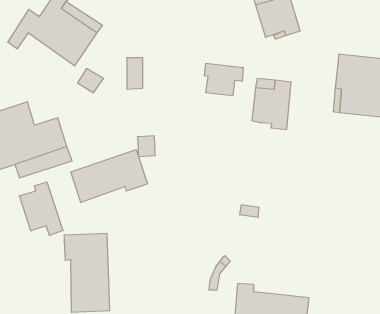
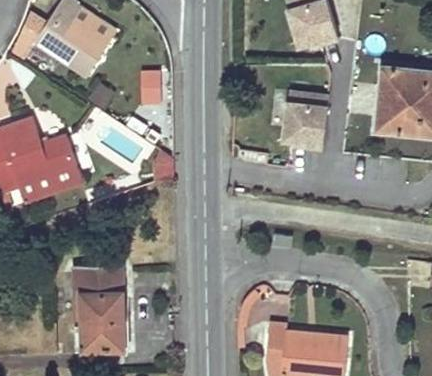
building: [204,63,243,96] -> none
building: [71,150,147,203] -> none
building: [19,182,63,236] -> none

